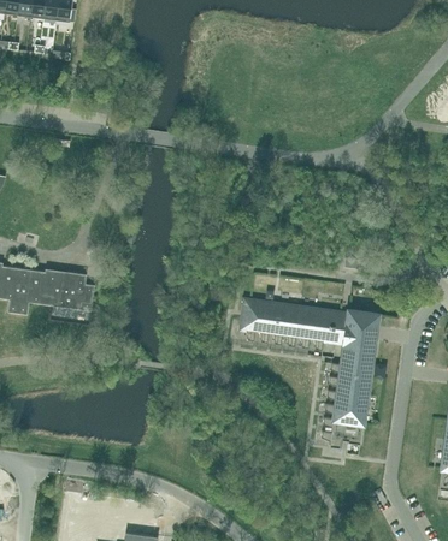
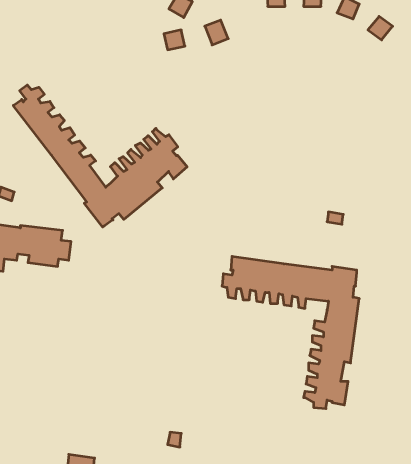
building: none -> [13,85,187,227]

